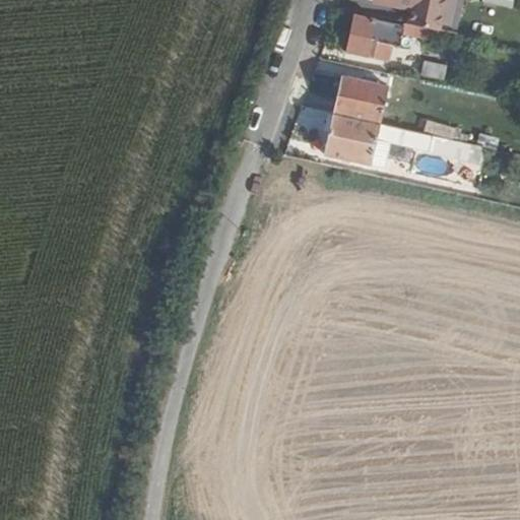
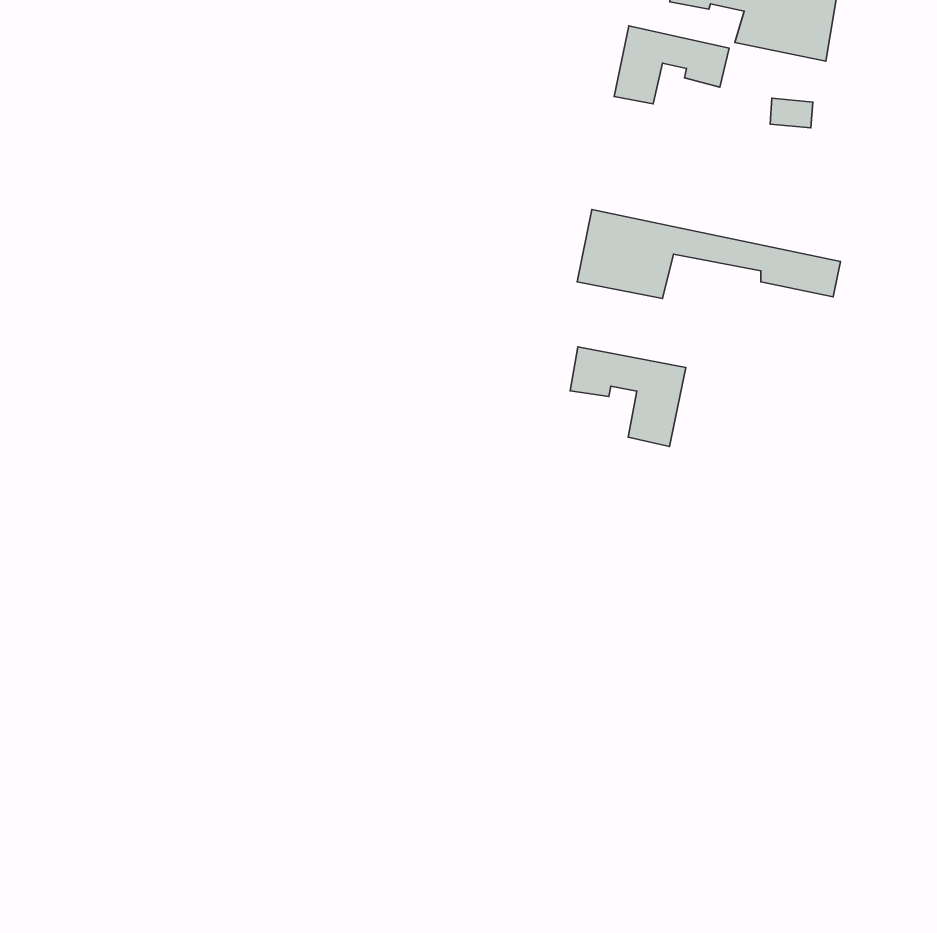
building: [330,78,387,125] -> none
building: none -> [570,347,686,446]

